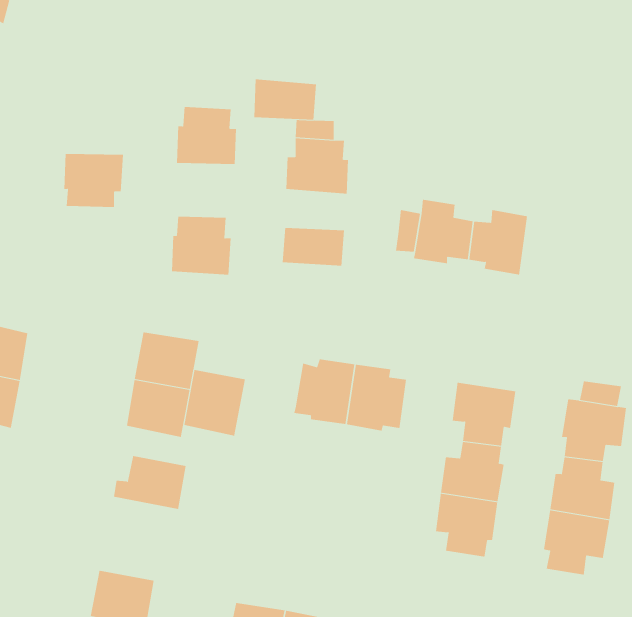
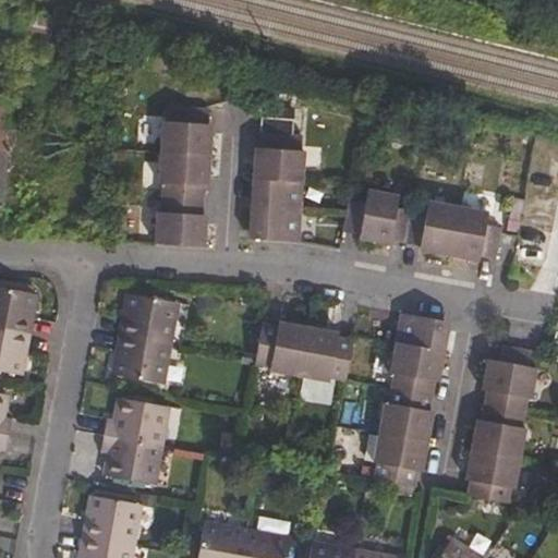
building: [254,79,317,120] -> [250,177,303,211]
building: [63,153,124,207] -> [157,155,208,201]
building: none -> [449,199,500,254]
building: none -> [396,307,451,348]
building: [184,369,245,437] -> none
building: none -> [101,437,160,489]

